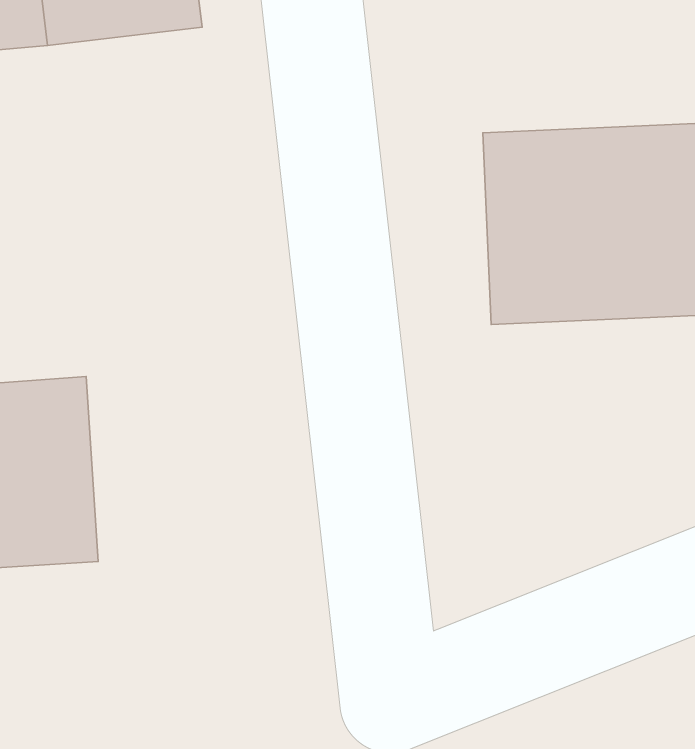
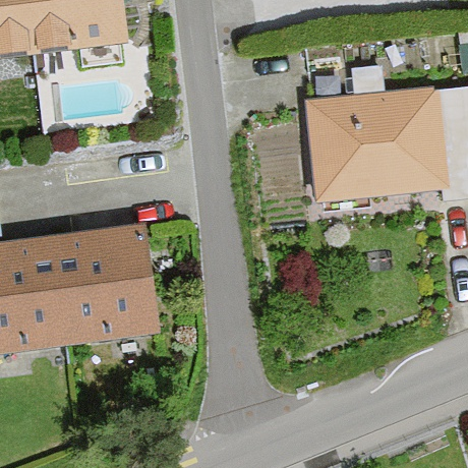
building: none -> [58,232,163,350]

